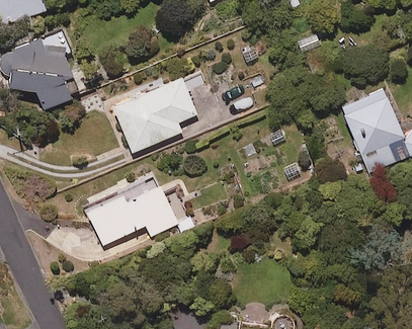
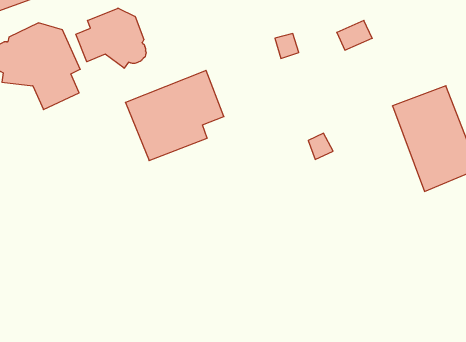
building: none -> [76,8,146,68]
building: [83,180,180,249] -> none

